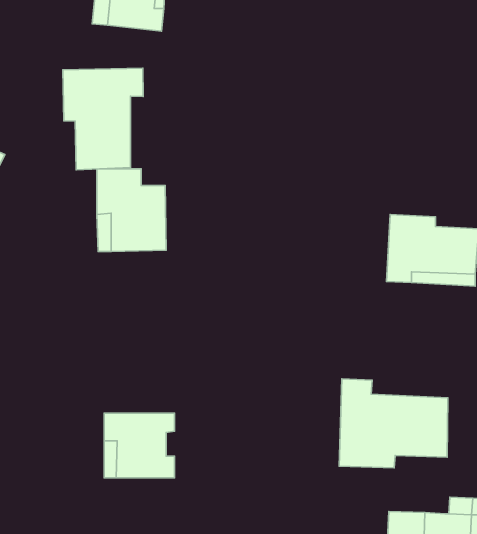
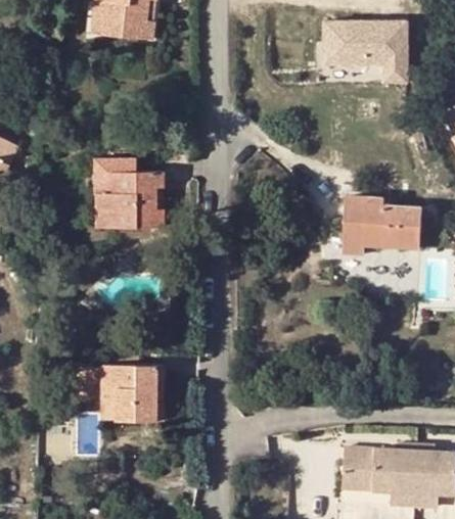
building: none -> [323,23,408,86]
building: [63,68,143,170] -> none
building: [339,379,448,468] -> none

